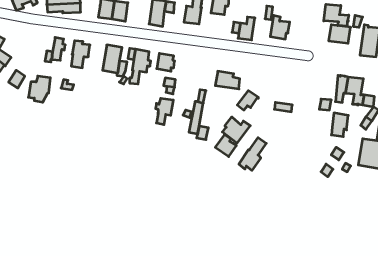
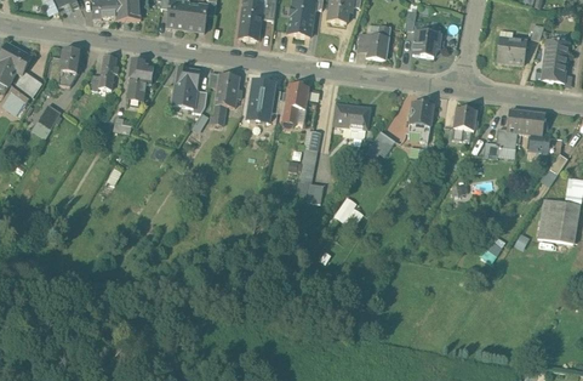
building: [324,4,349,26] -> none
building: none -> [408,102,433,136]
building: [28,76,50,102] -> [50,49,81,86]
building: [156,98,173,125] -> [282,84,308,121]
building: [331,113,348,137] -> [452,108,476,142]
building: [222,117,250,143] -> none
building: [239,138,266,170] -> none

